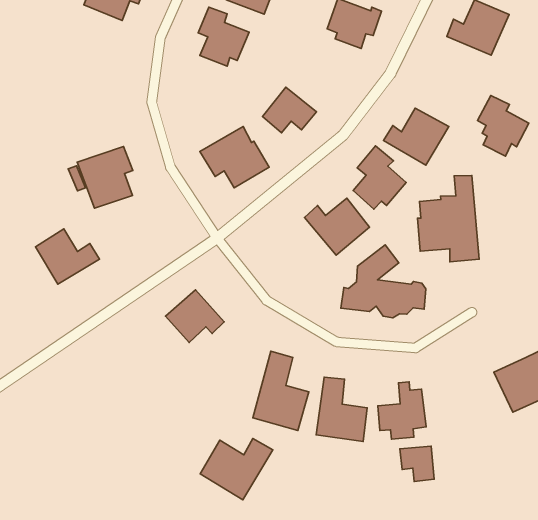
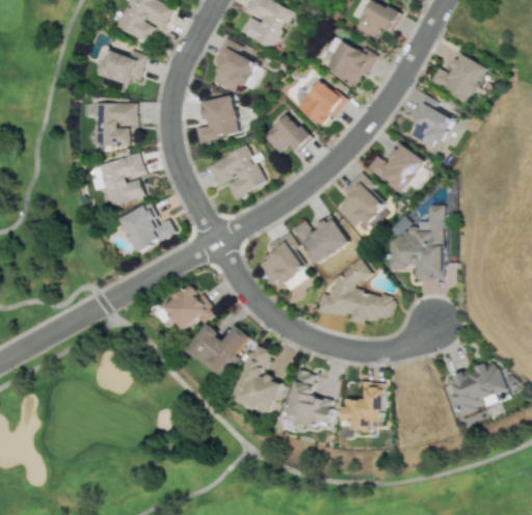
building: none -> [97,49,147,85]
building: none -> [296,80,345,126]
building: none -> [195,96,240,142]
building: none -> [83,103,136,145]
building: [477,96,529,156] -> [408,93,453,147]
building: none -> [259,232,304,288]
building: [36,229,100,284] -> [121,205,176,252]
building: [200,438,273,500] -> [186,324,251,378]
building: [400,446,434,481] -> none

